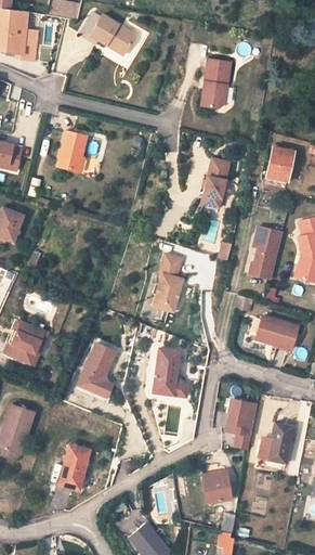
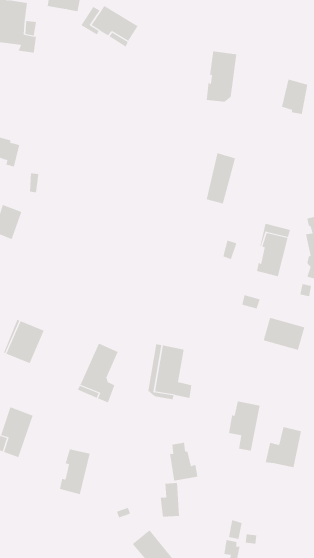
building: [57,130,87,171] -> none
building: [267,146,293,181] -> [281,79,308,115]
building: [154,254,183,311] -> none
building: [204,464,232,502] -> [169,442,198,481]

